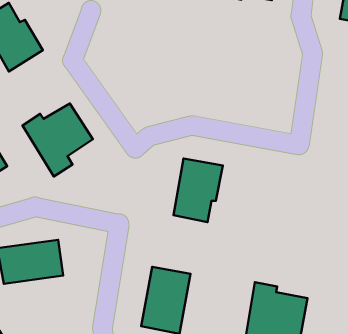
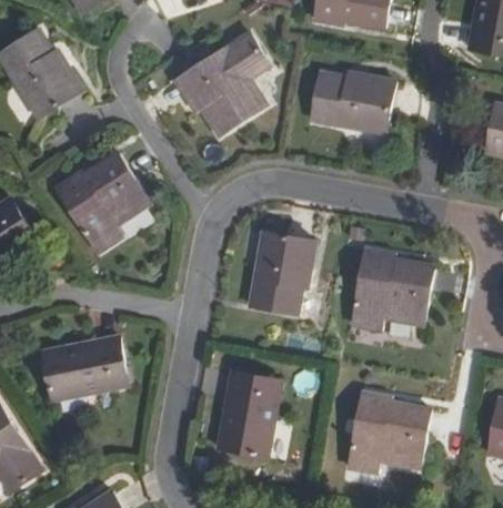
building: none -> [178,33,270,135]
building: none -> [311,69,394,128]
building: none -> [353,250,431,329]

